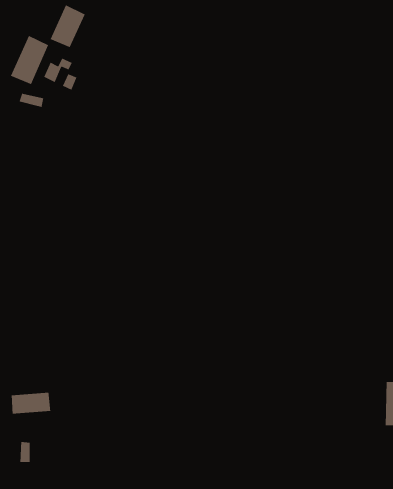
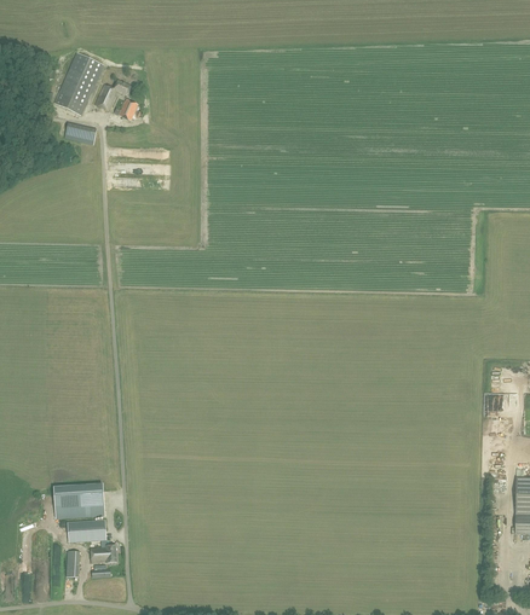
building: [50,4,86,48] -> none
building: none -> [68,521,117,563]

